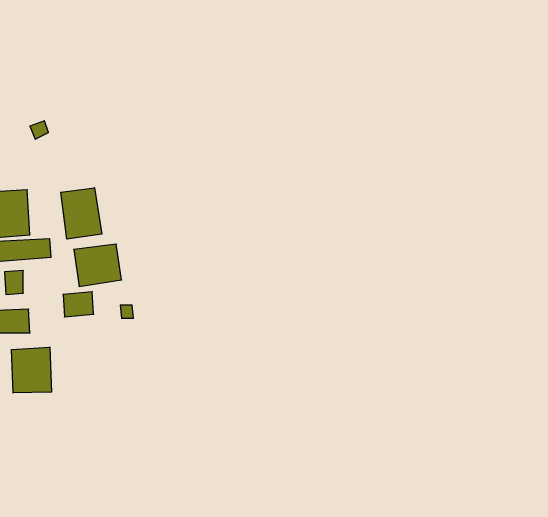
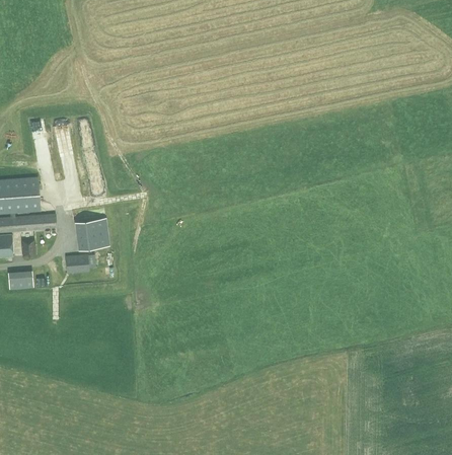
building: [61,188,102,239] -> none
building: [12,347,52,393] -> none

